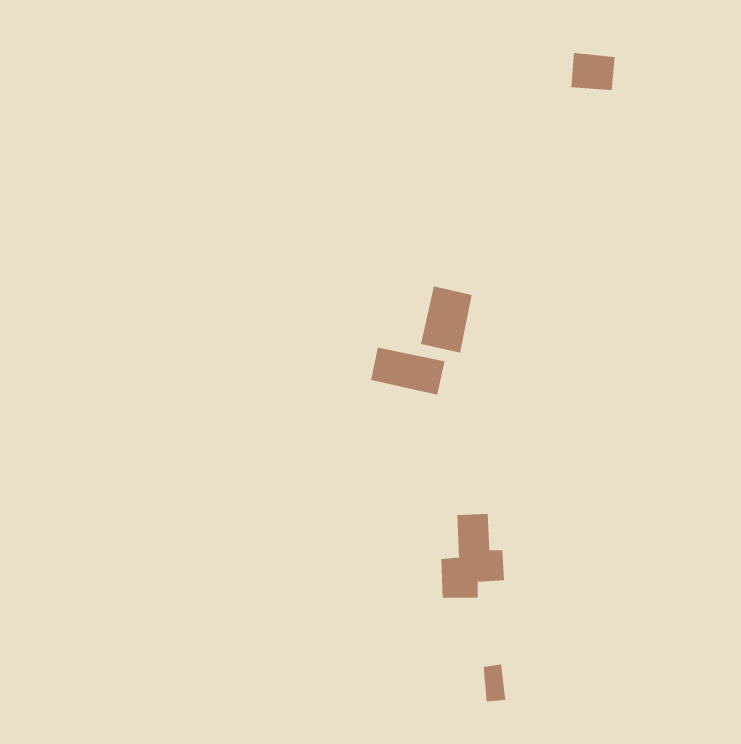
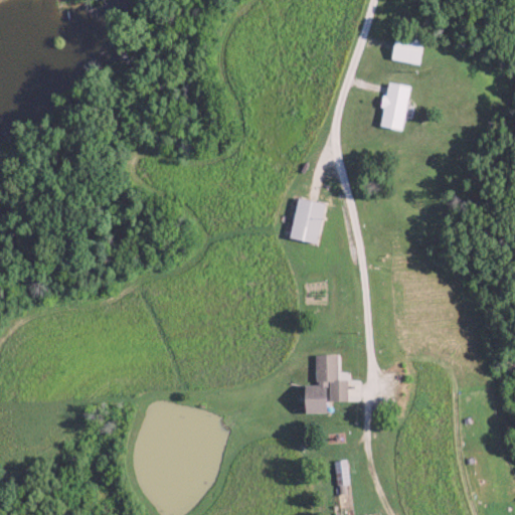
building: none -> [379,82,410,131]
building: [371,347,445,396] -> none

